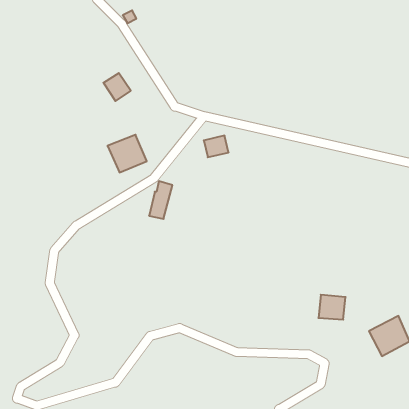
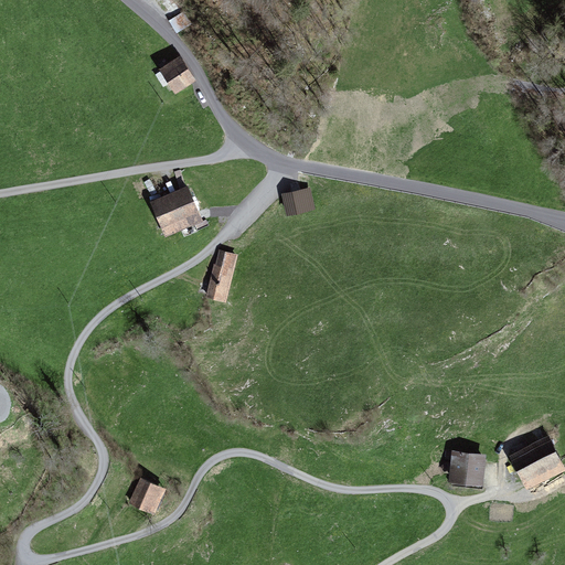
building: [103,73,131,101] -> [158,56,195,95]
building: [318,295,346,320] -> [448,451,486,486]
building: none -> [127,479,164,515]

